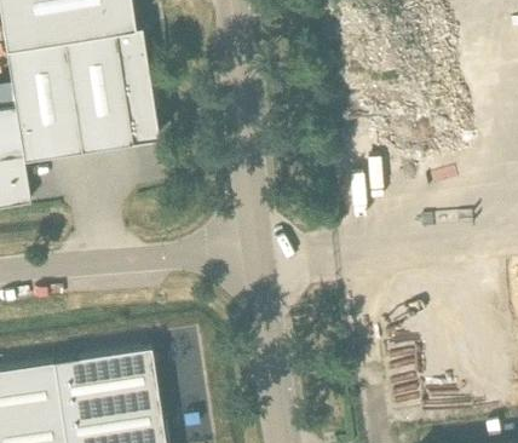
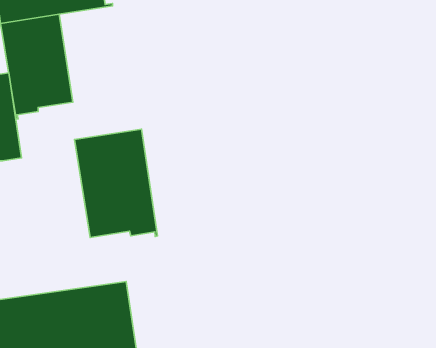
building: [74,33,159,144] -> none
building: none -> [74,129,157,238]

